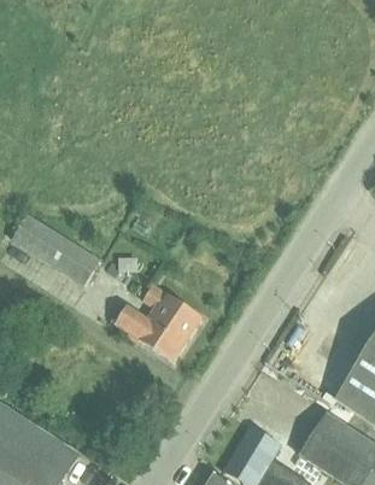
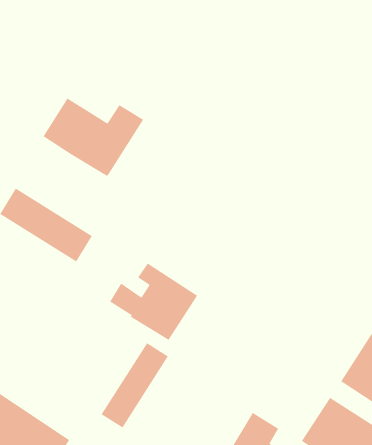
building: none -> [42,98,144,177]
building: none -> [101,342,169,429]

